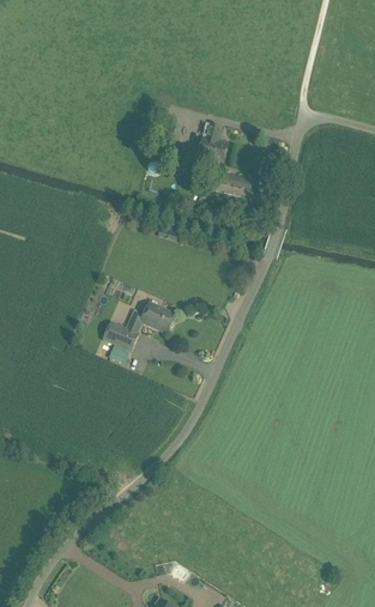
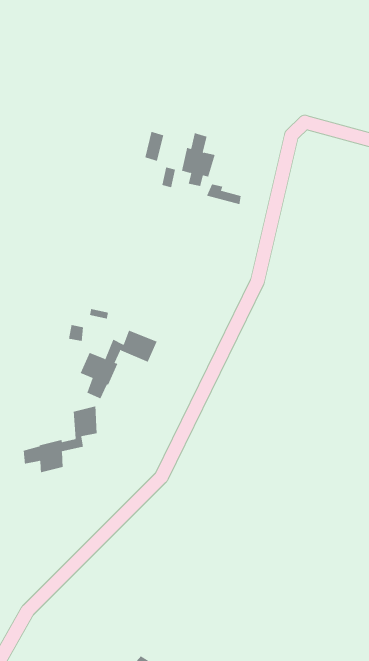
building: none -> [23,405,97,473]

